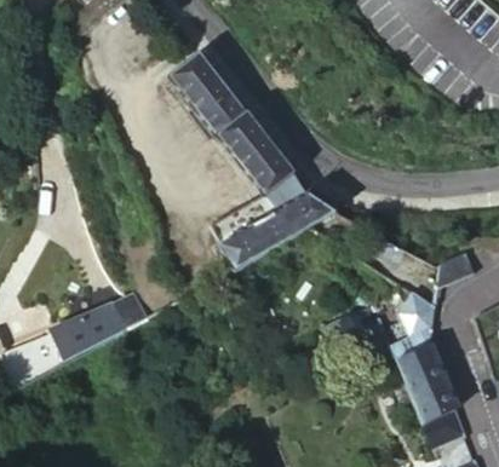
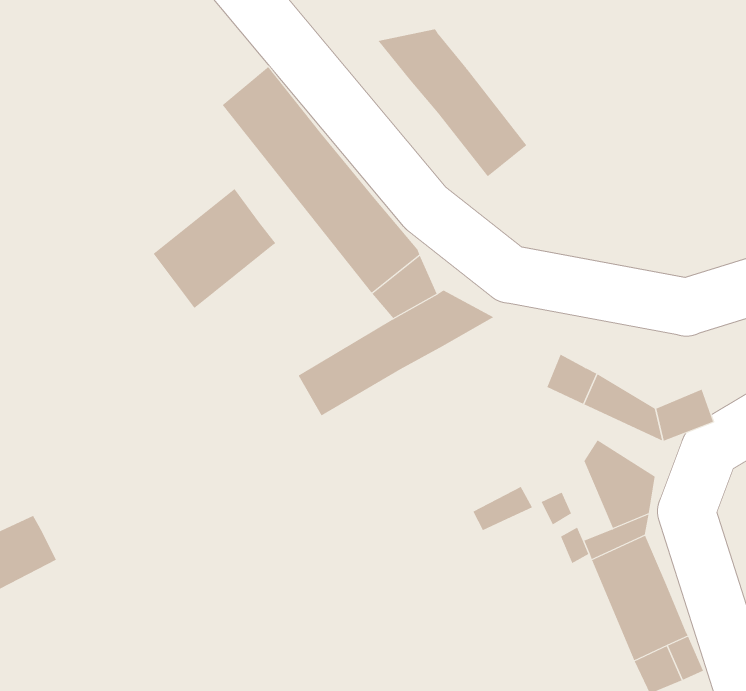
building: none -> [378,28,527,177]
building: none -> [153,188,276,309]
building: [50,289,148,359] -> none

